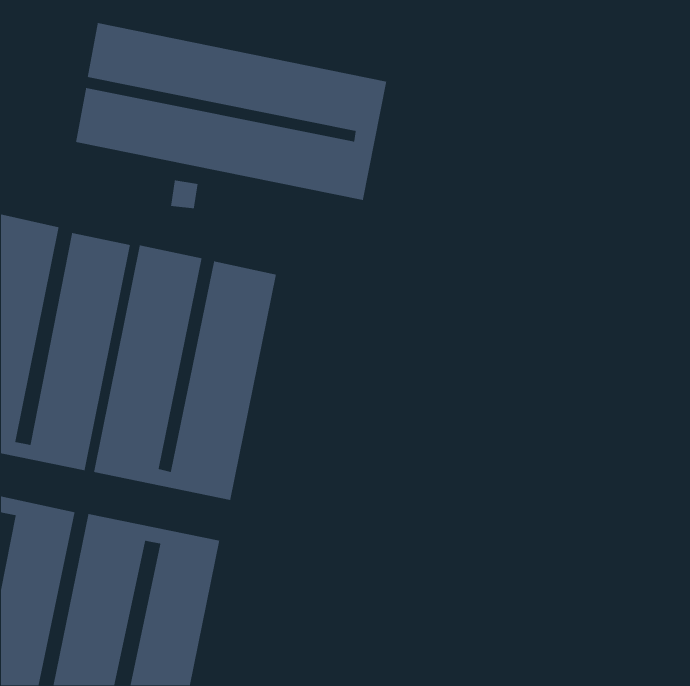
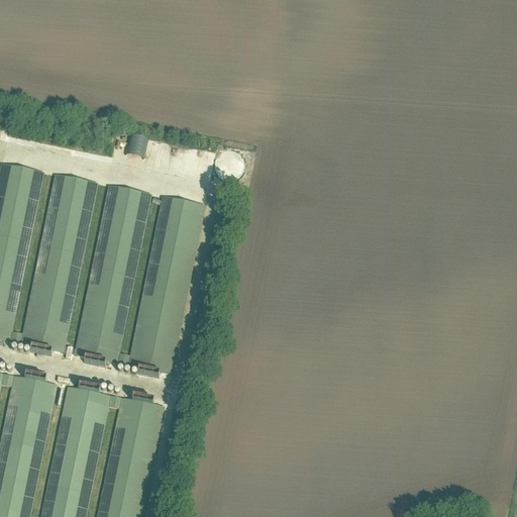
building: [75,22,387,201] -> none

